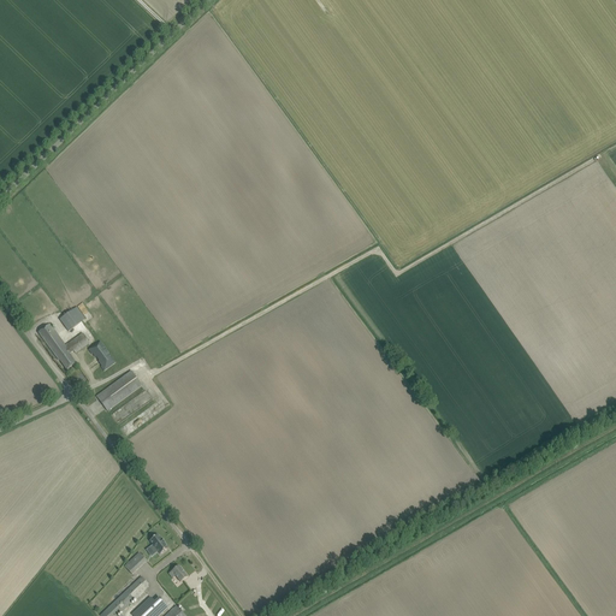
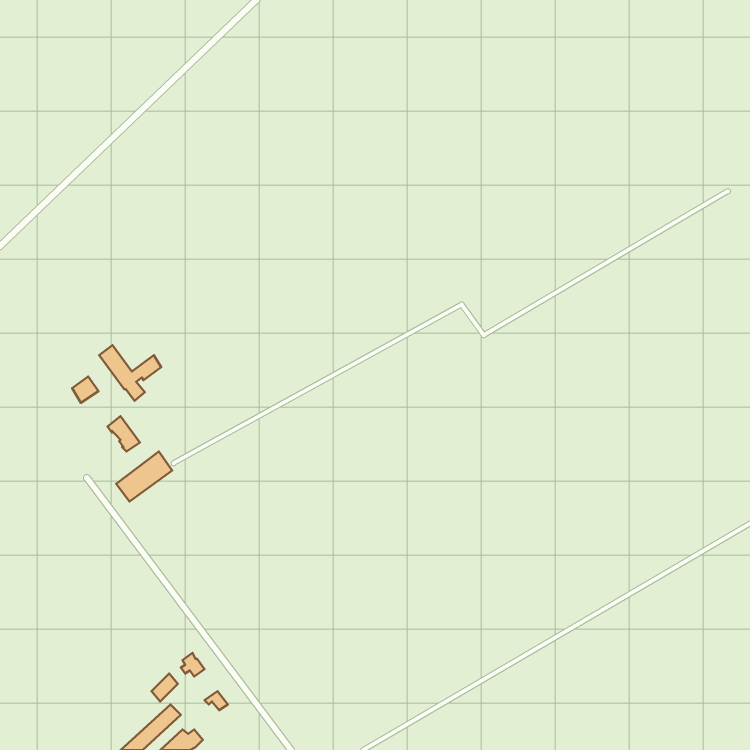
building: [37,324,88,369] -> [99,345,161,401]

